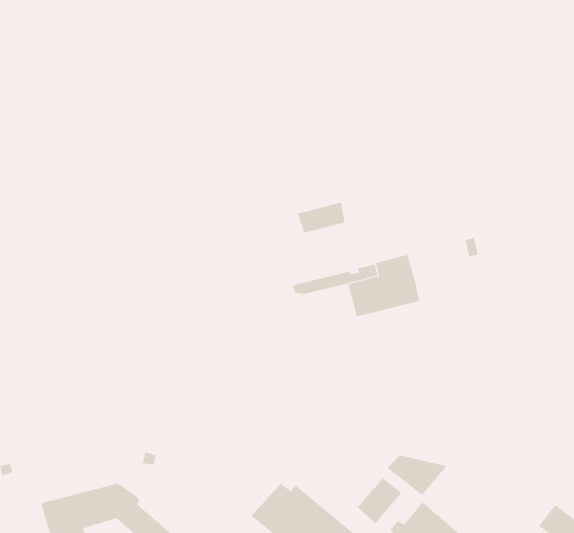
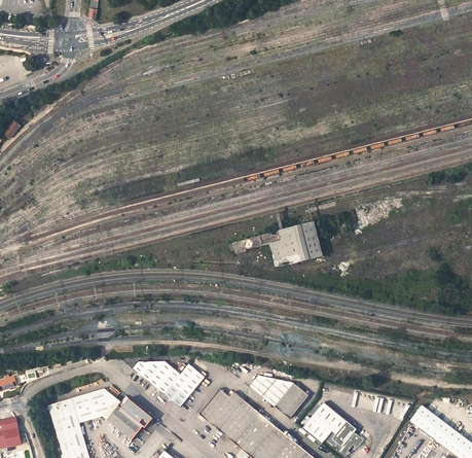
building: [298,202,345,234] -> none
building: none -> [134,359,206,406]
building: [387,455,448,496] -> [251,376,295,406]

